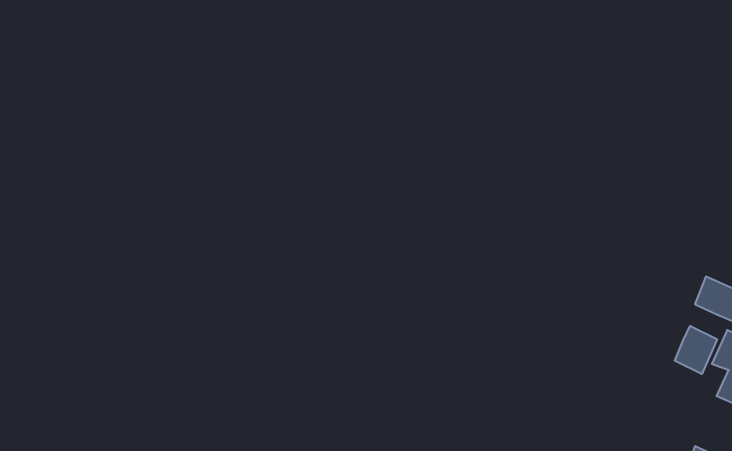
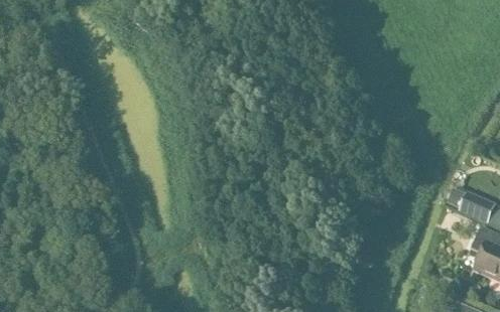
building: [675,326,717,374] -> none

